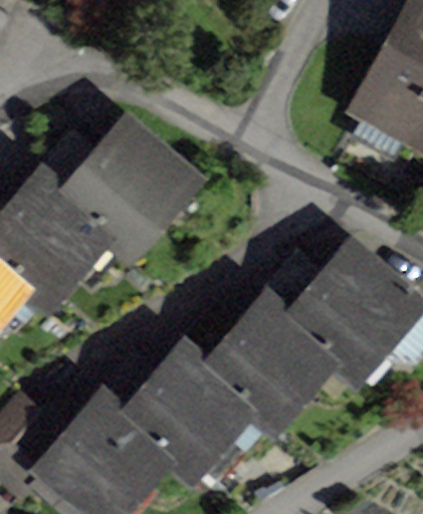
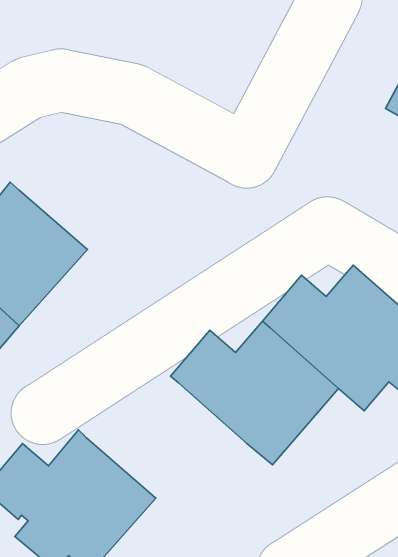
building: [45,126,197,257] -> none
building: [107,350,257,479] -> none

